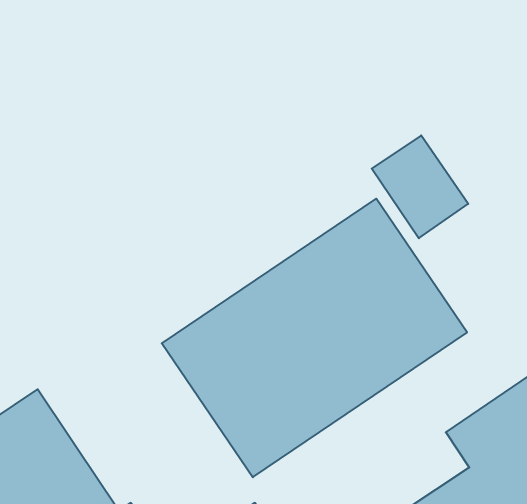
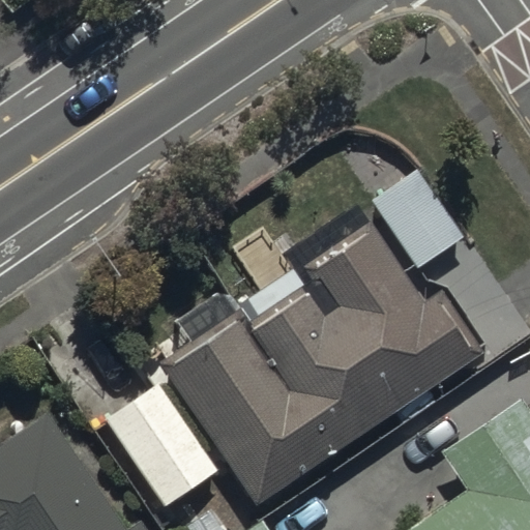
building: none -> [104,384,218,510]

